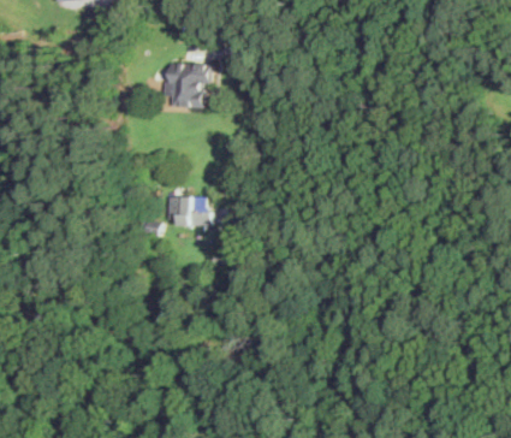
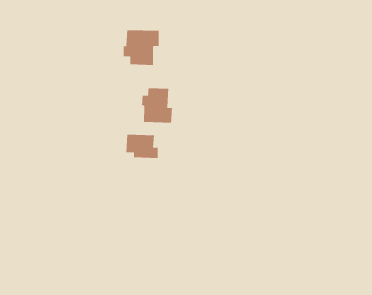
building: none -> [141,88,172,124]

